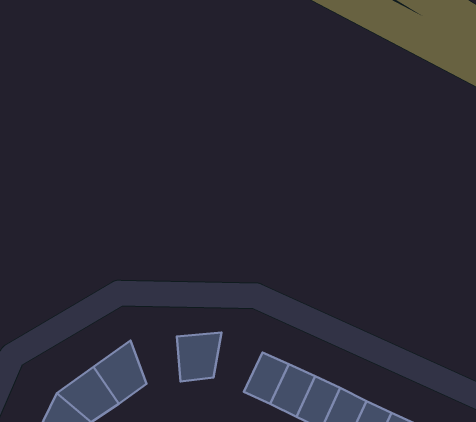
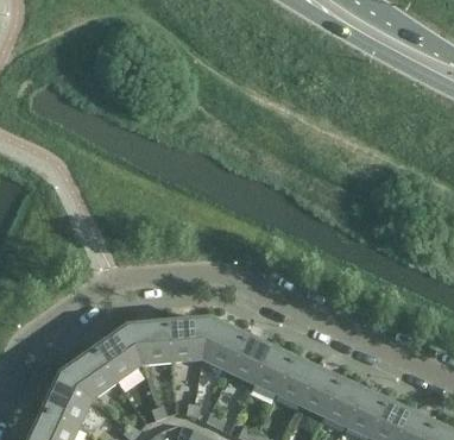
building: none -> [202,318,246,371]
building: none -> [127,321,172,364]

